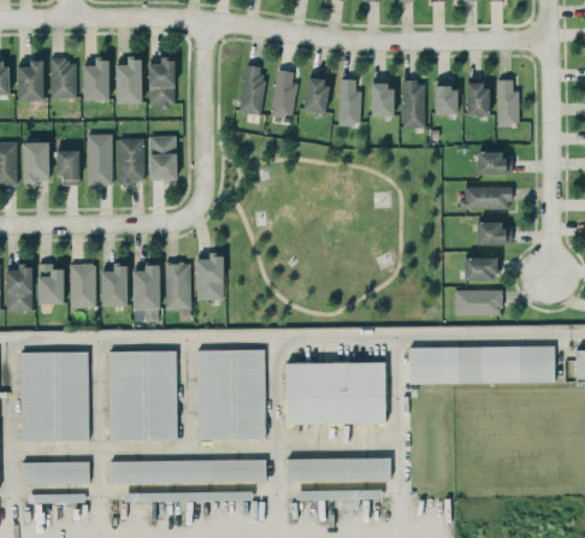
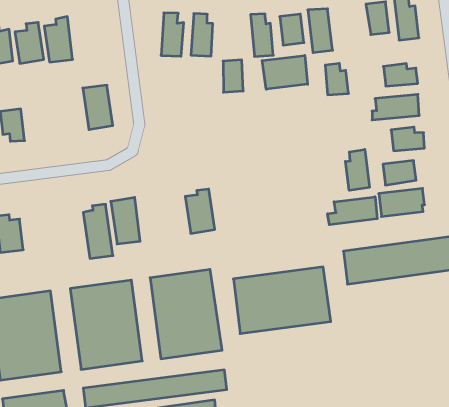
building: [147,59,175,106] -> none
building: [303,77,327,112] -> [223,60,243,92]
building: [433,81,456,114] -> [325,63,349,95]
building: none -> [262,55,308,89]
building: [85,134,112,184] -> none
building: [118,138,143,183] -> none
building: none -> [345,149,369,190]
building: [195,254,223,300] -> [185,189,215,233]
building: [69,262,95,307] -> none
building: [100,264,126,306] -> none
building: none -> [328,197,377,225]
building: [285,457,389,480] -> none

